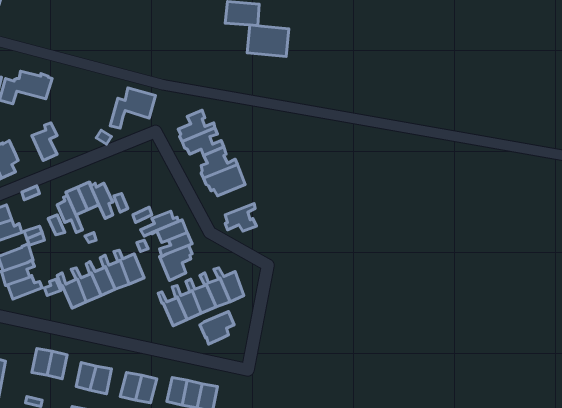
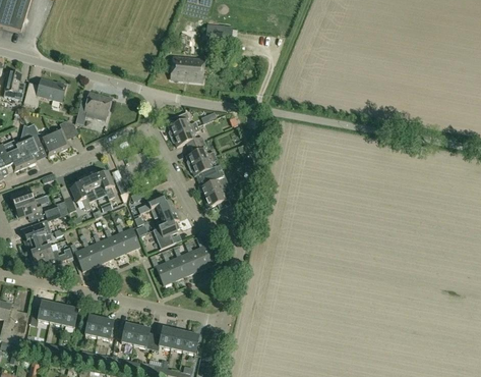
building: [247,25,289,57] -> [171,55,204,80]
building: [110,88,156,128] -> [75,91,112,123]
building: none -> [28,125,59,155]
building: none -> [199,170,229,195]
building: [200,312,234,344] -> none
building: none -> [29,300,54,324]

